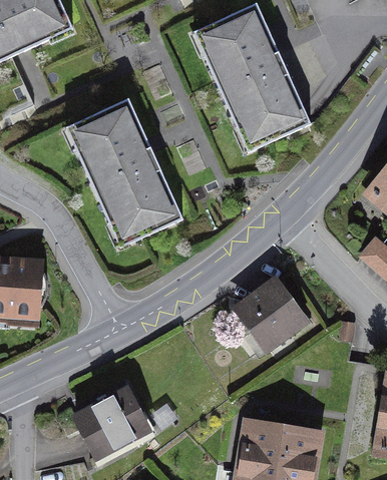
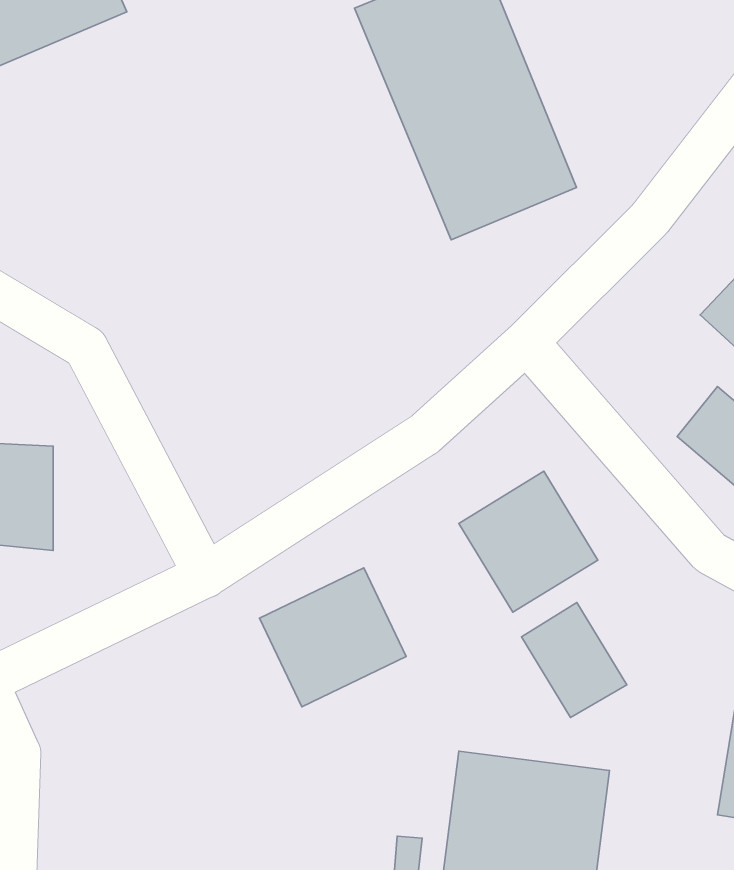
building: [65,100,180,248] -> none
building: none -> [522,602,627,718]
building: [74,387,150,459] -> [259,568,406,707]

